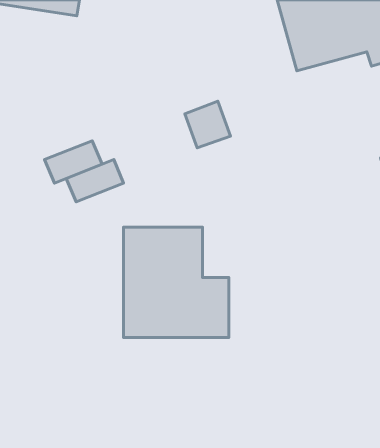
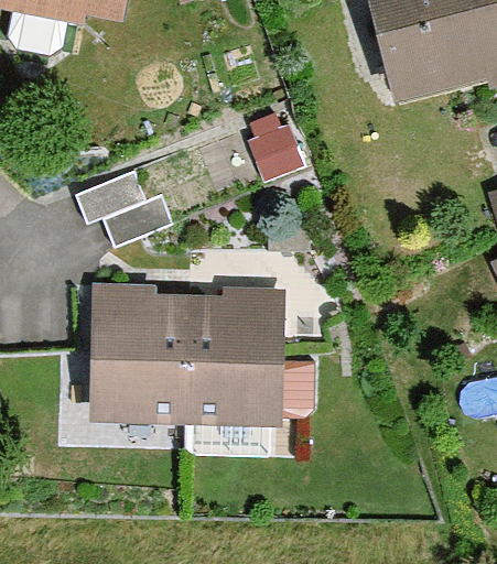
building: none -> [79,283,177,419]

